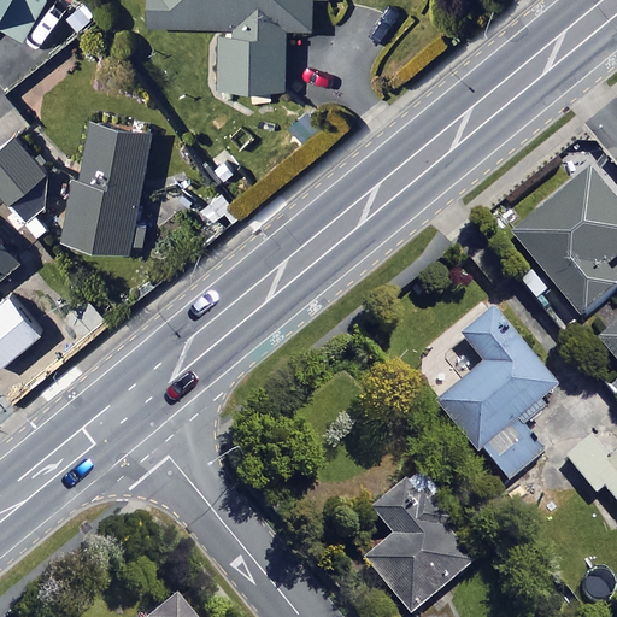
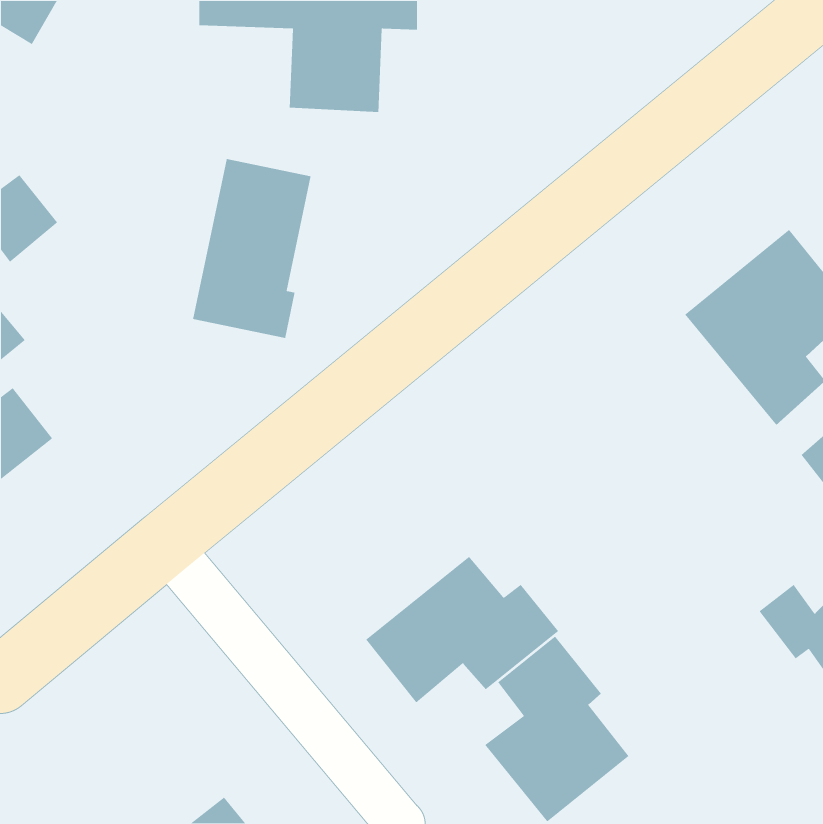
building: [64,112,153,247] -> [192,158,312,339]
building: [435,308,558,481] -> none
building: none -> [365,556,559,703]

